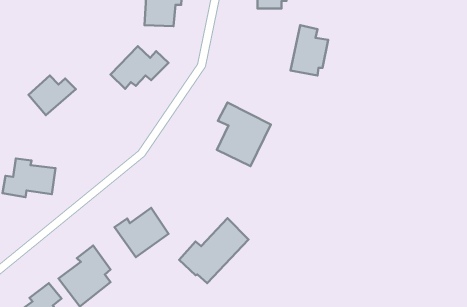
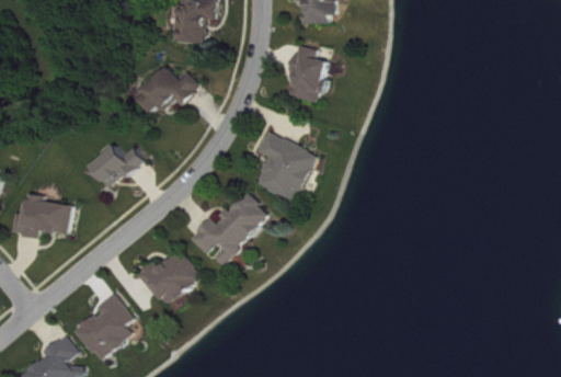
building: [290,25,328,75] -> [285,44,328,101]
building: [28,76,76,115] -> [89,144,142,189]
building: [179,218,249,283] -> [190,191,268,264]

